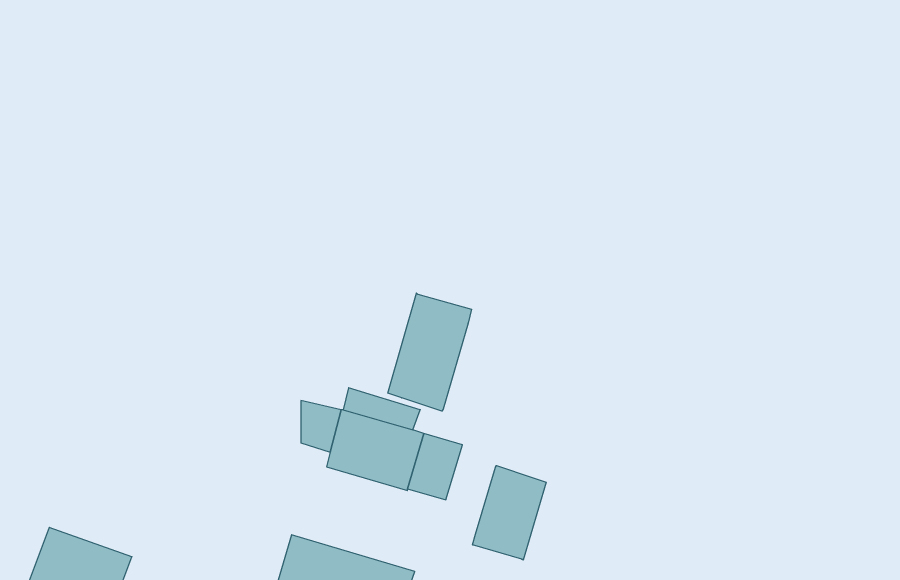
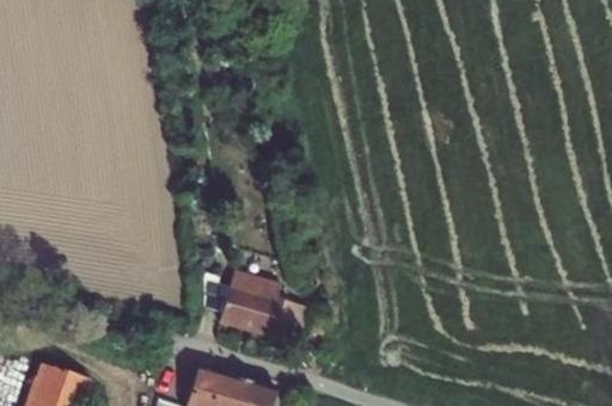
building: [388,293,472,411] -> none
building: [473,466,546,560] -> none

